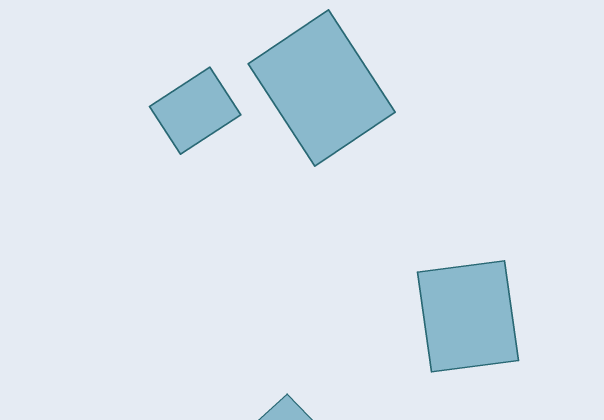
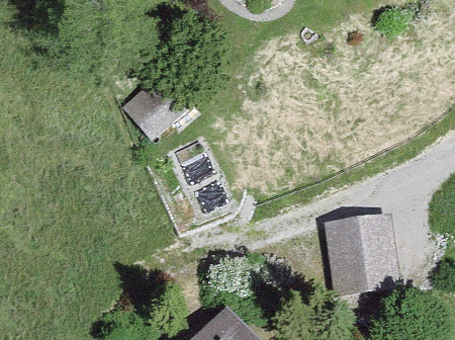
building: [248,10,395,166] -> none

